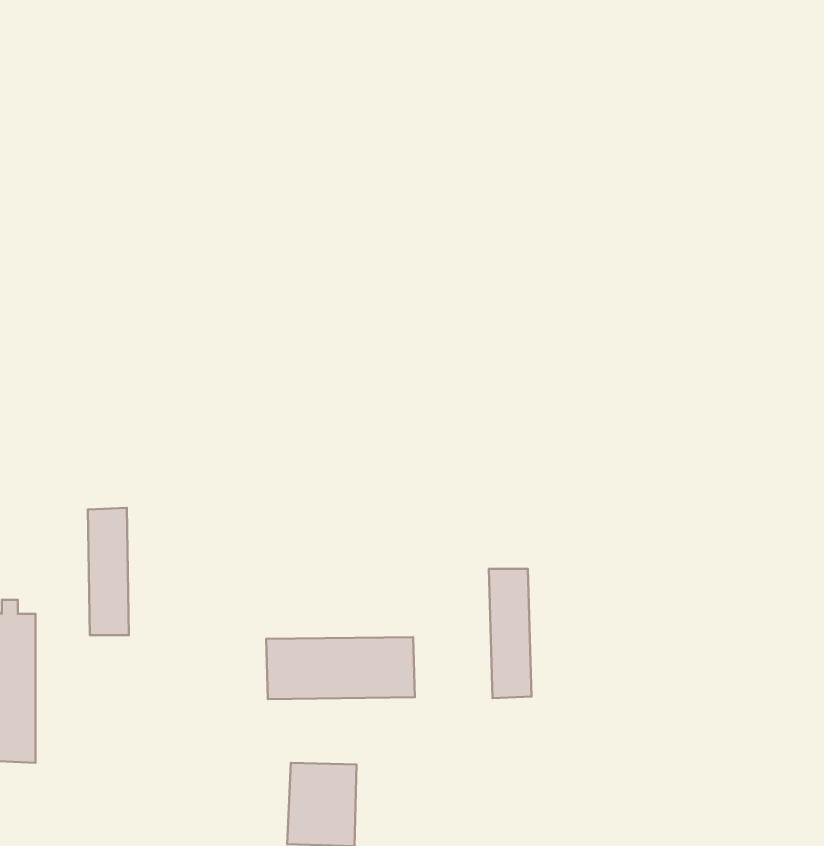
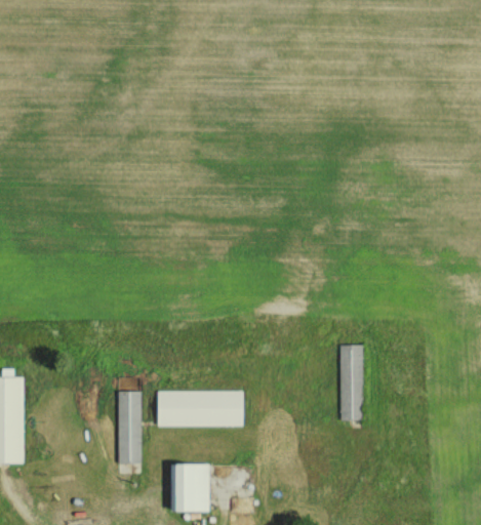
building: [88,508,129,635] -> [118,391,142,465]
building: [489,569,531,698] -> [339,347,364,421]

